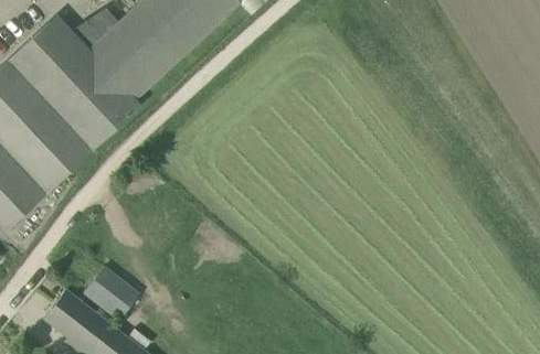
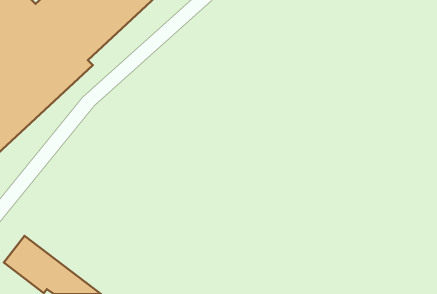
building: [83,267,136,318] -> none

